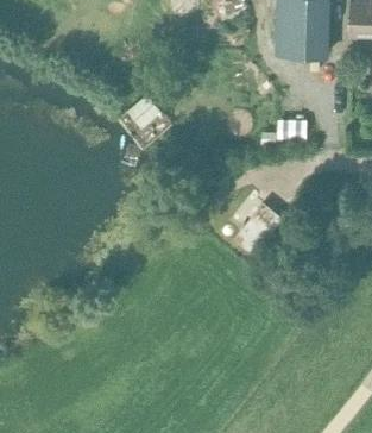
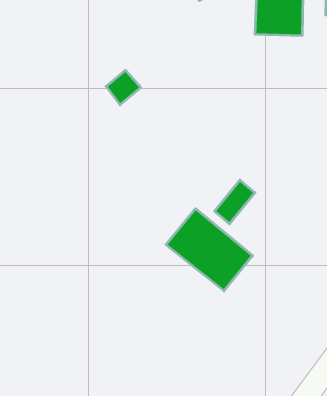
building: none -> [166,209,253,291]

